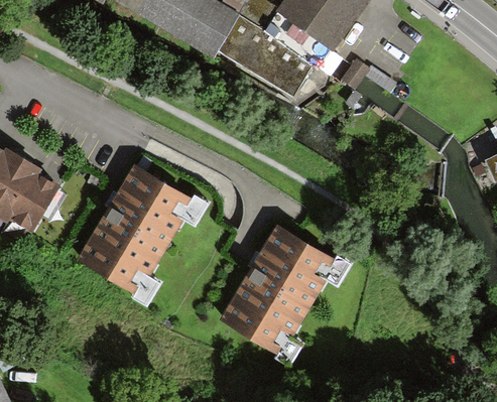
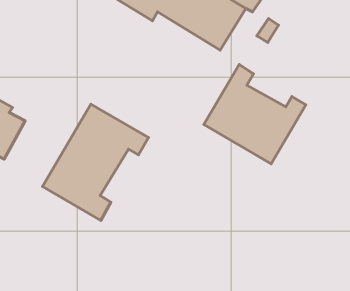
building: none -> [204,65,306,164]
building: [214,224,343,365] -> none

